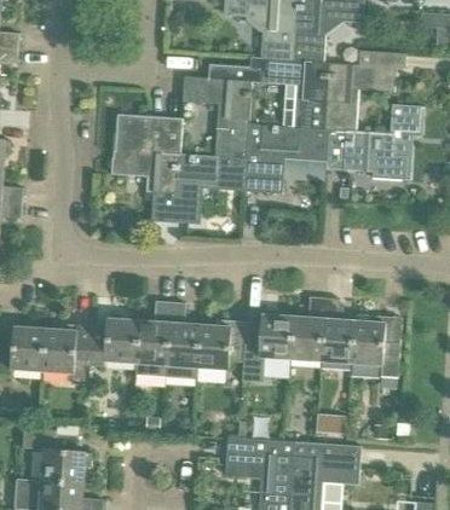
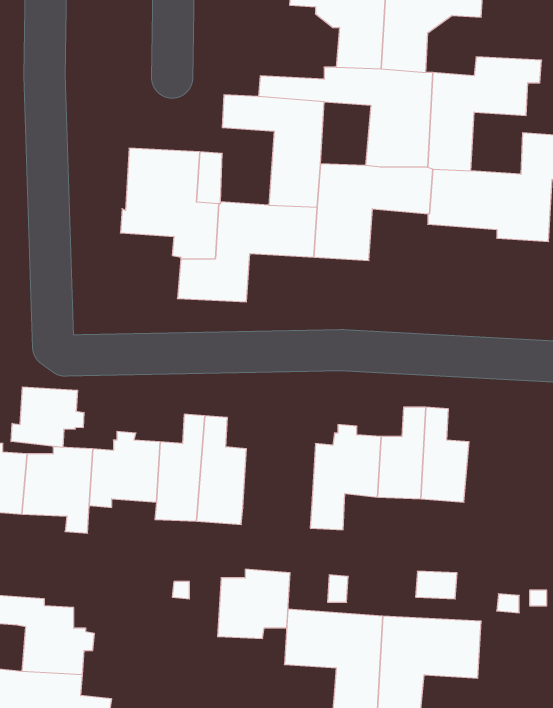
building: none -> [11,387,84,447]
building: [350,315,399,377] -> none
building: [195,319,246,367] -> [218,569,290,638]

